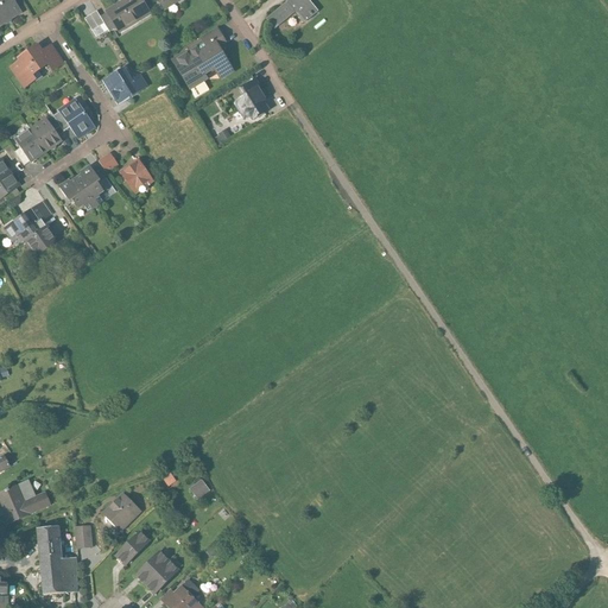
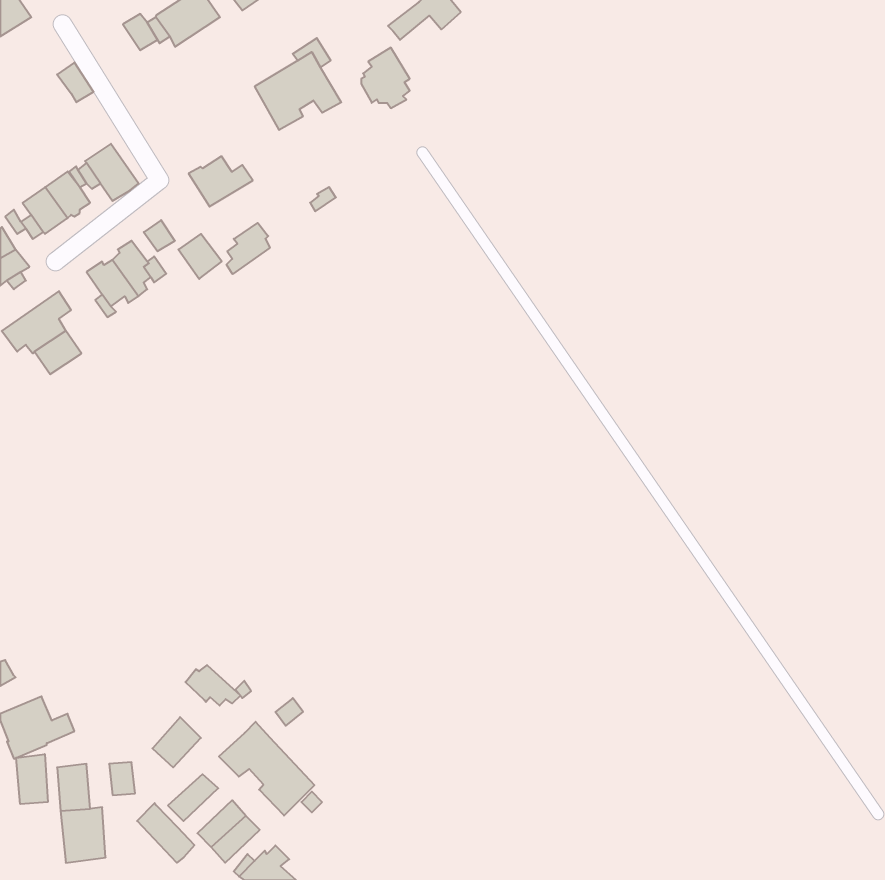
building: [11,45,49,84] -> none
building: [103,68,147,102] -> [189,156,253,207]
building: [235,80,268,121] -> [361,48,410,108]
building: none -> [227,223,270,274]
building: none -> [185,665,240,706]
building: none -> [219,722,314,816]
building: none -> [16,754,48,804]
building: none -> [137,803,194,863]

